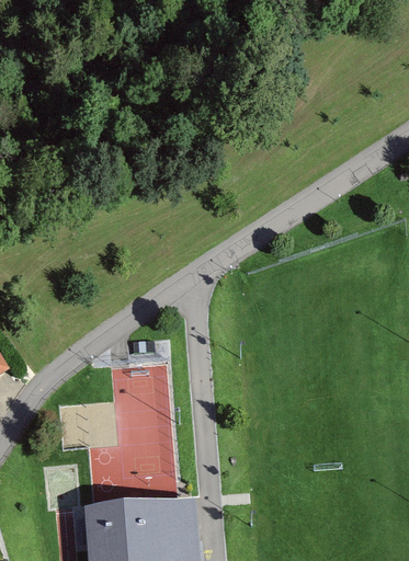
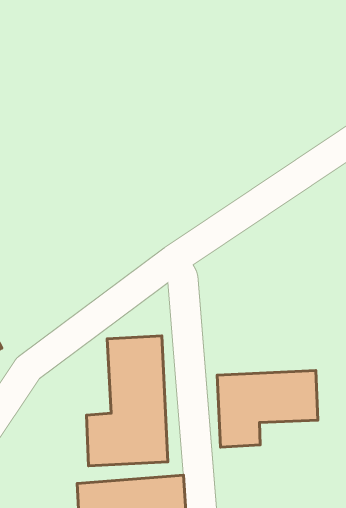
building: none -> [217,370,318,447]

